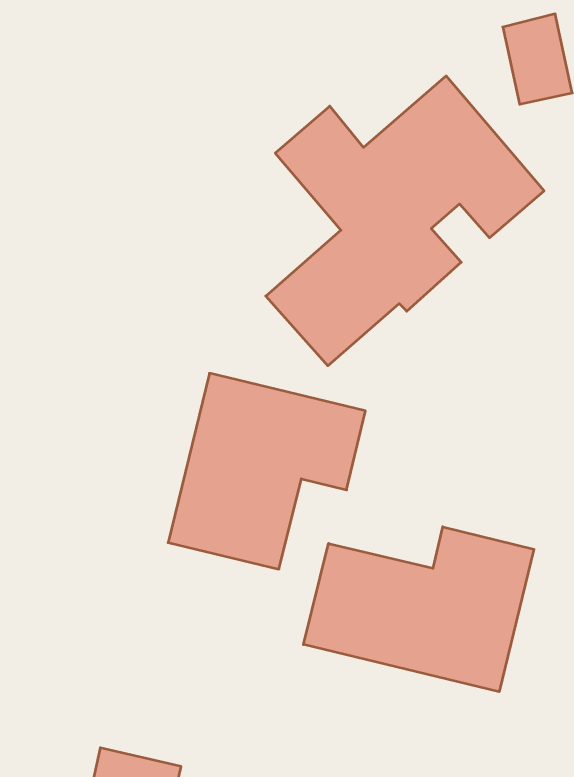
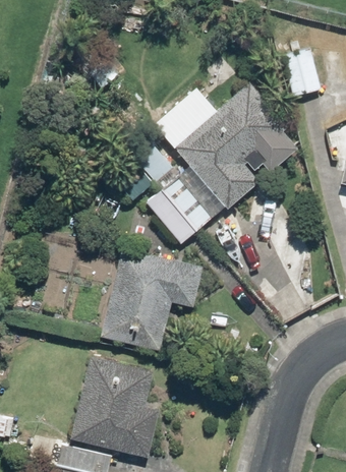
building: [303,527,534,692] -> none
building: none -> [69,356,160,458]

